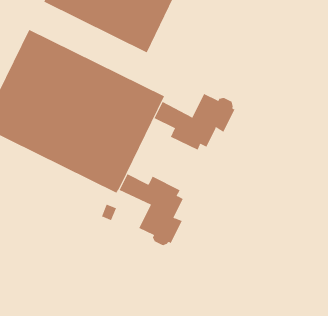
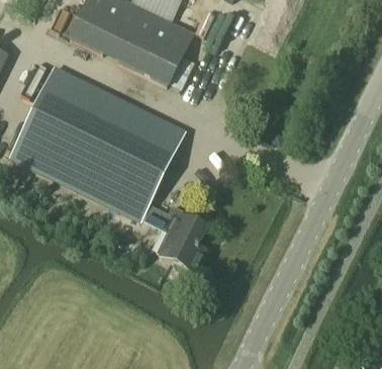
building: [154,93,235,150] -> none

